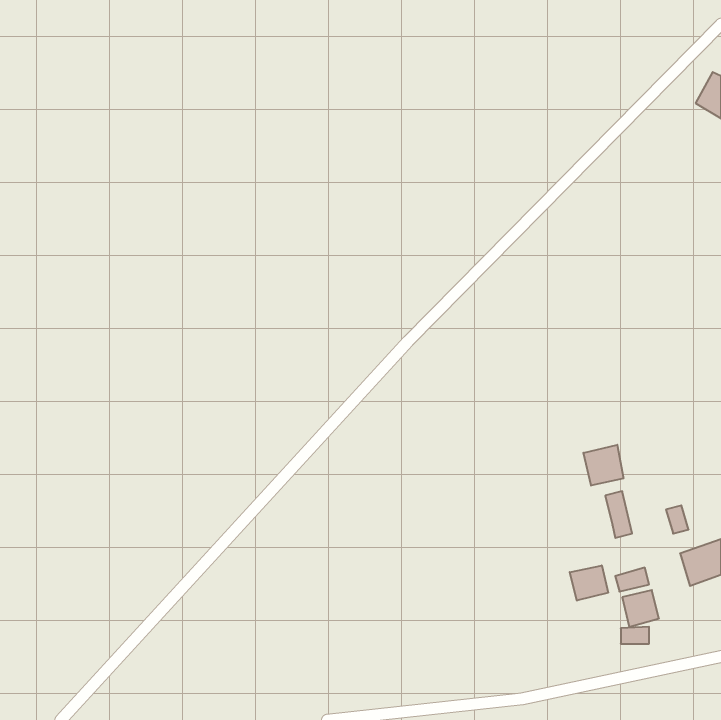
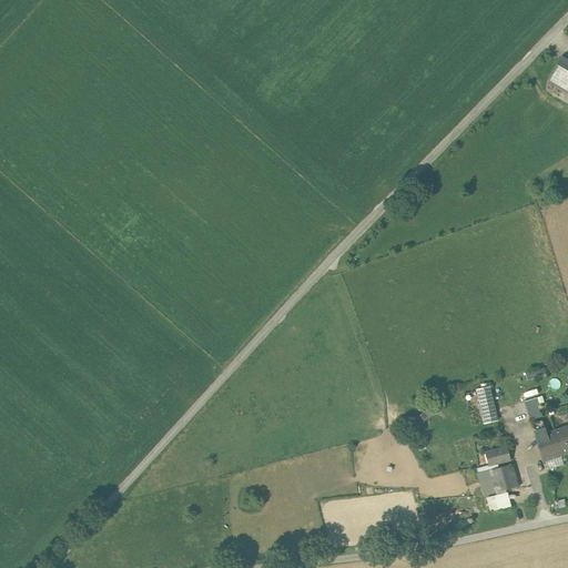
building: [583,445,623,486] -> none
building: [570,565,608,601] -> none

